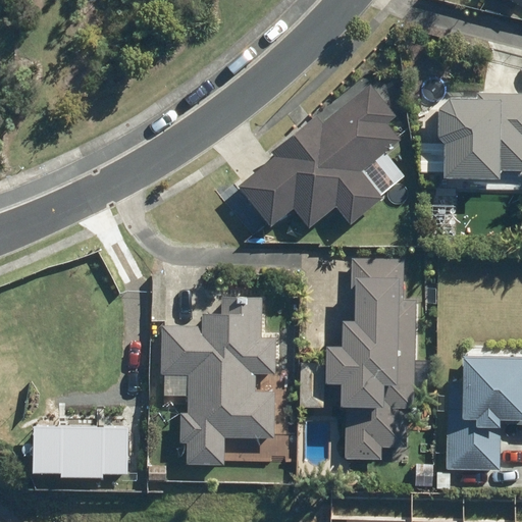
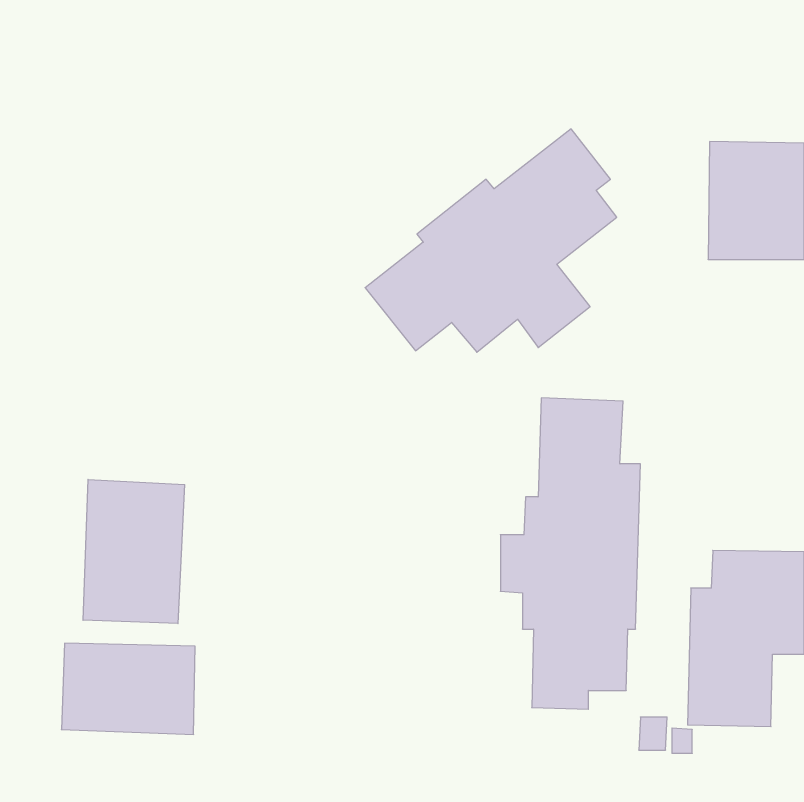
building: [159,297,276,466] -> none
building: none -> [83,479,185,624]

